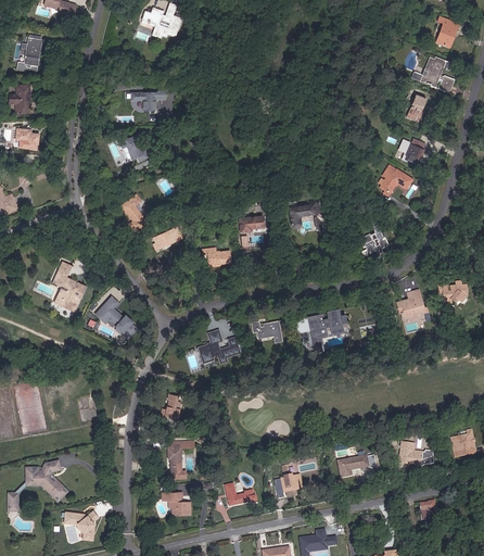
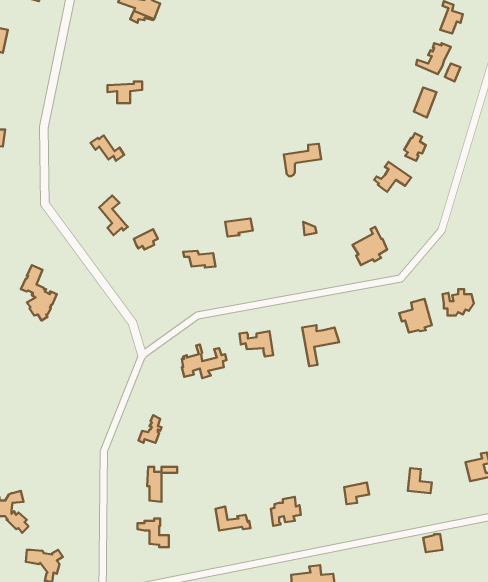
building: [285,200,319,229] -> [284,144,321,176]
building: [97,294,138,334] -> none

